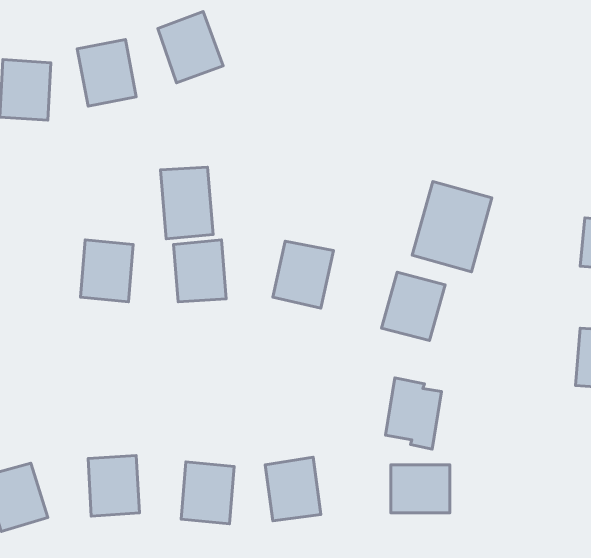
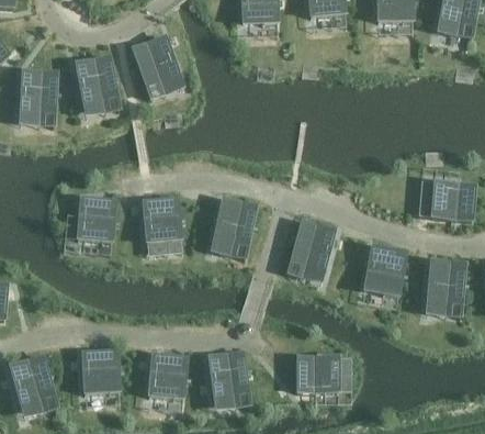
building: [161,167,213,239] -> none
building: [412,182,492,272] -> none
building: [386,378,441,449] -> [365,246,405,297]

